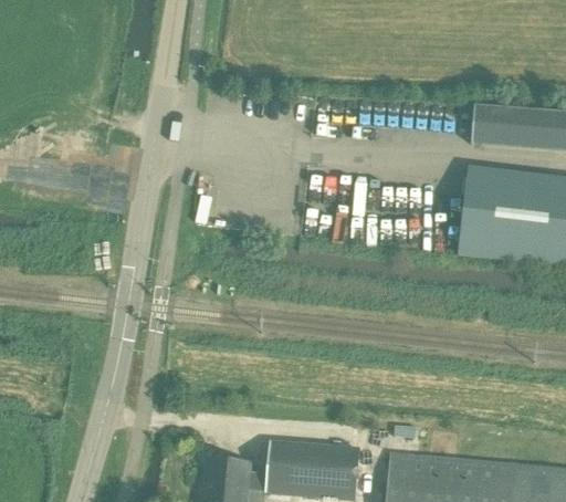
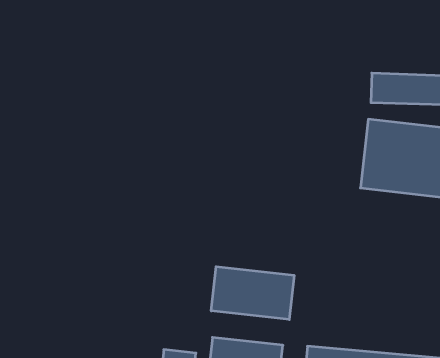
building: none -> [211,267,294,320]

